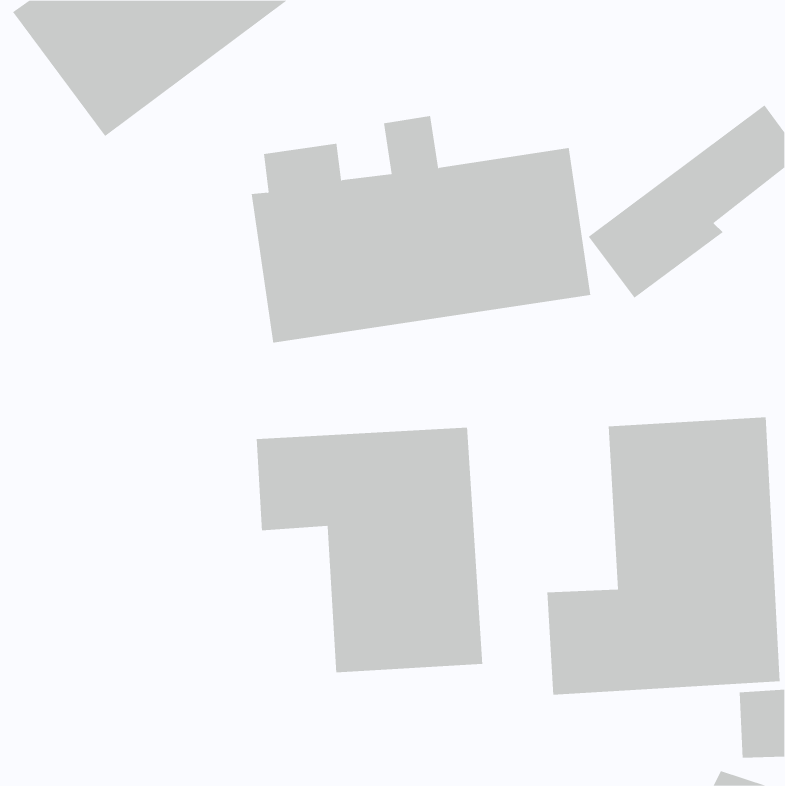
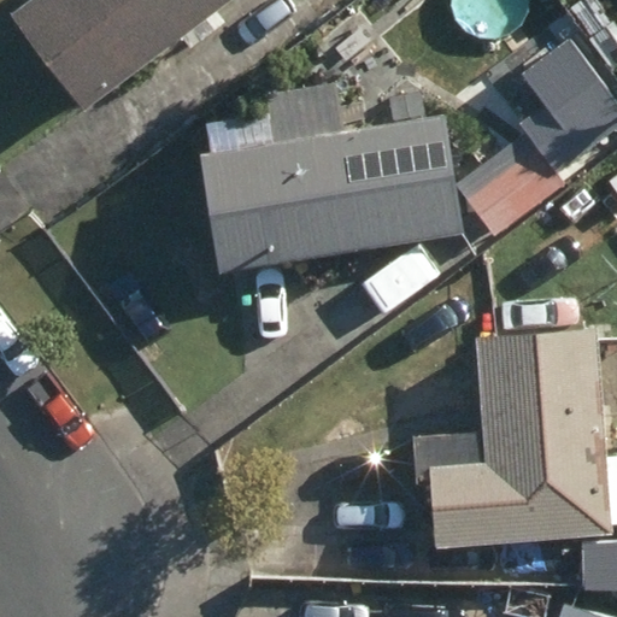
building: [256,427,483,673] -> none

